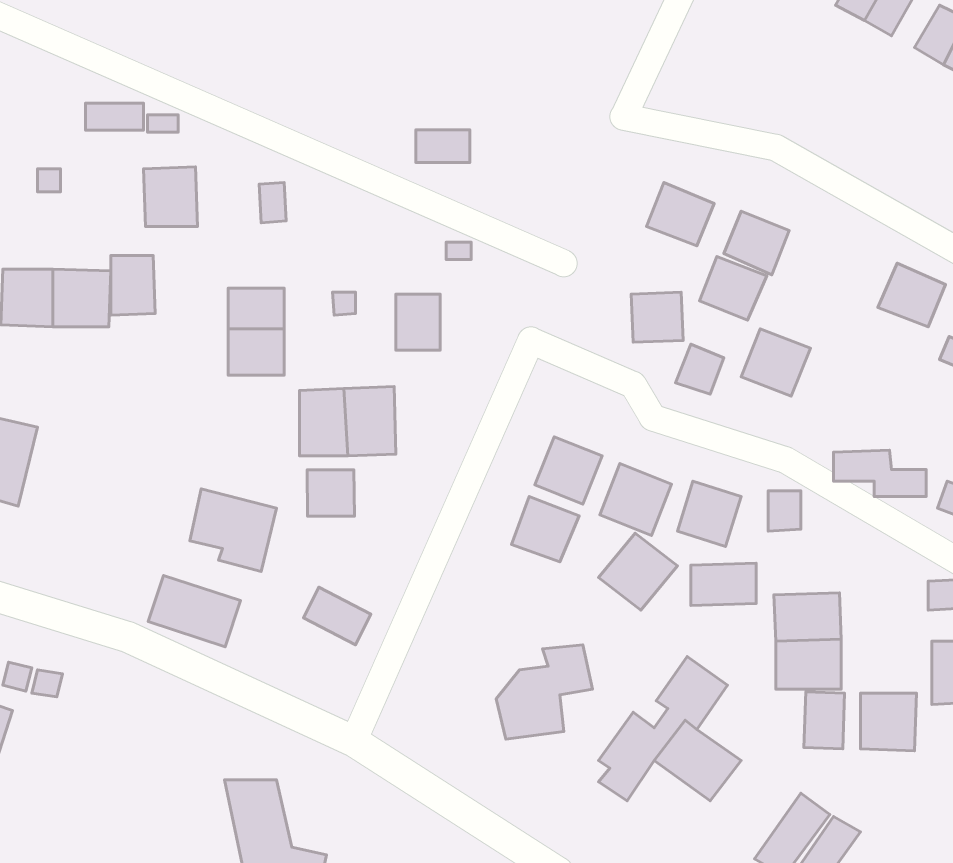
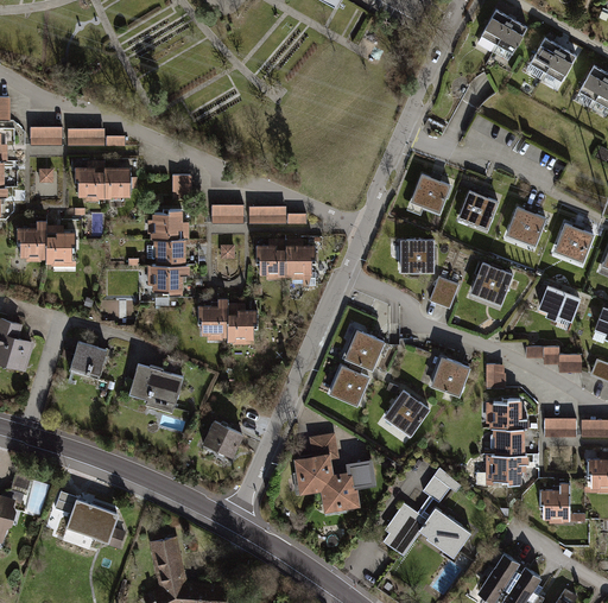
building: none -> [27,125,59,142]
building: [416,130,470,163] -> [248,202,281,222]
building: none -> [208,202,242,222]
building: none -> [153,212,188,240]
building: [111,256,155,315] -> [75,166,102,203]
building: [699,257,767,320] -> [506,209,547,248]
building: none -> [284,243,312,278]
building: none -> [540,288,583,325]
building: none -> [65,338,113,382]
building: [600,463,671,535] -> none
building: [307,470,354,516] -> none
building: [691,563,756,605] -> [489,402,530,429]
building: [148,575,241,647] -> [65,502,122,546]
building: none -> [544,418,577,439]
building: none -> [290,432,338,495]
building: [804,692,845,749] -> none

